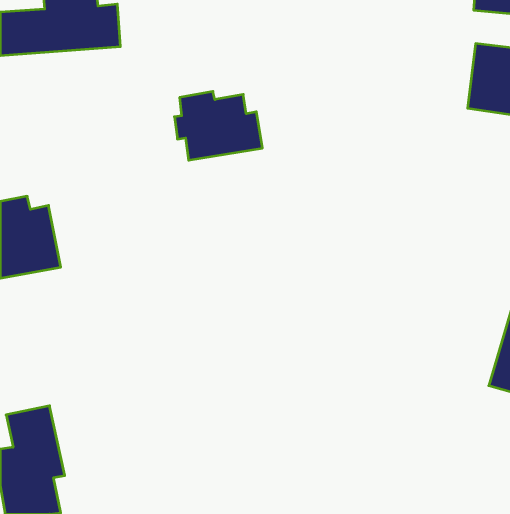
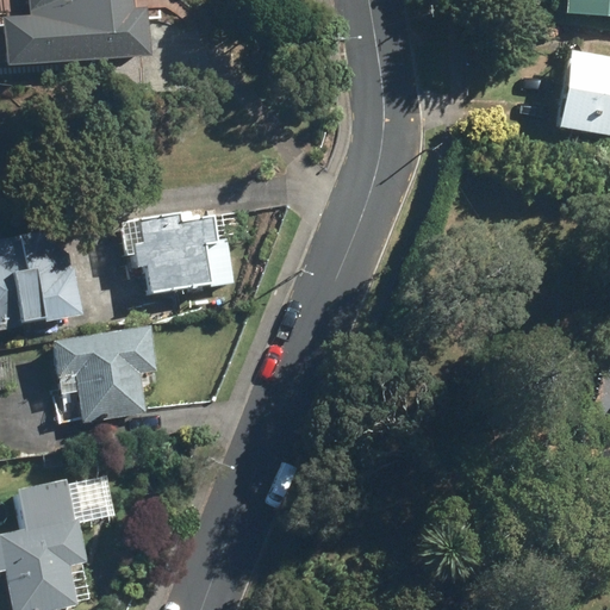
building: [174,91,262,160] -> [129,213,232,294]
building: none -> [51,323,158,421]

